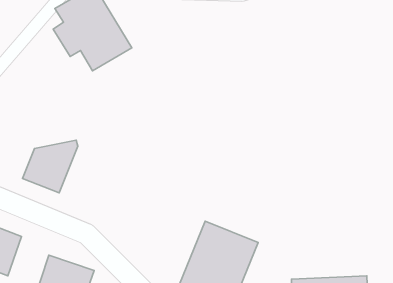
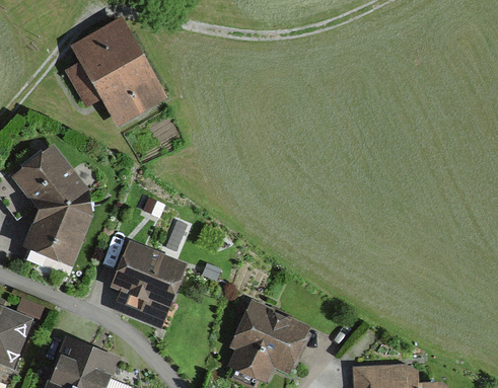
building: none -> [19,148,95,214]
building: none -> [101,239,185,324]

